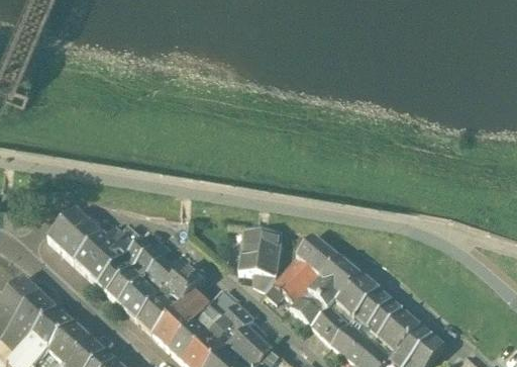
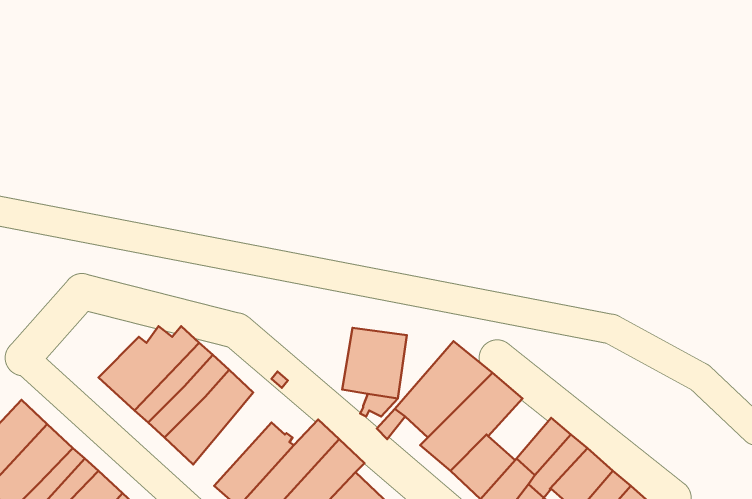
building: [48,209,102,262] -> none
building: [138,267,200,335] -> none
building: [336,274,379,317] -> none

